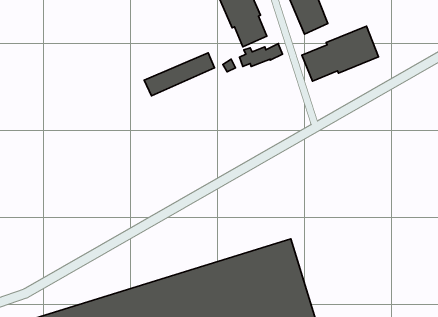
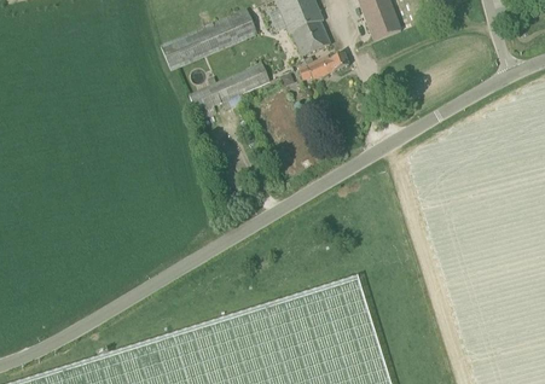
building: none -> [161,10,257,70]
building: [302,26,378,81] -> none

